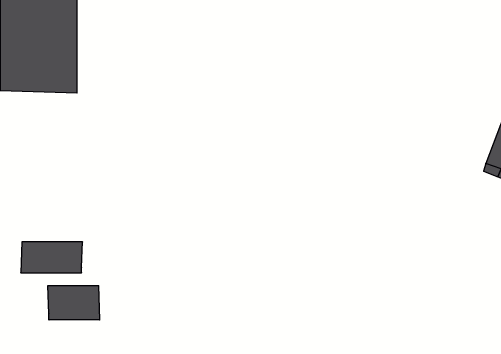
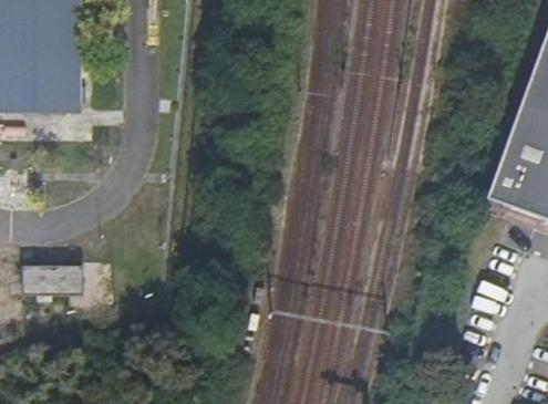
building: [48,286,100,320] -> none

